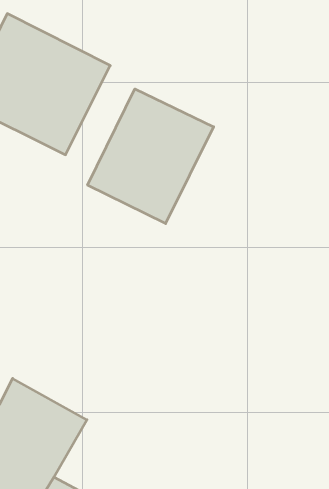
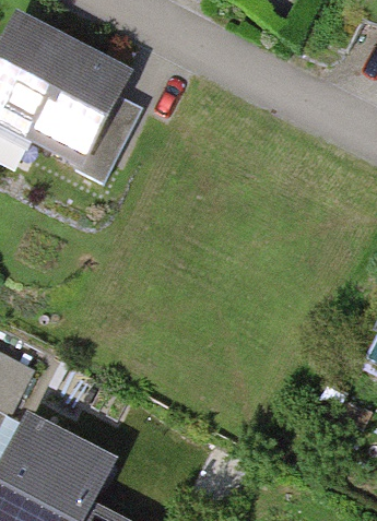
building: [88,89,214,224] -> none

